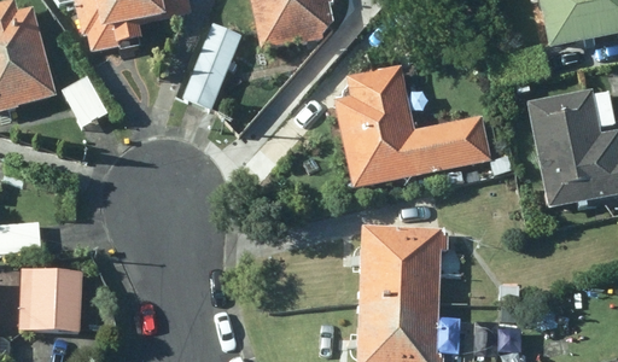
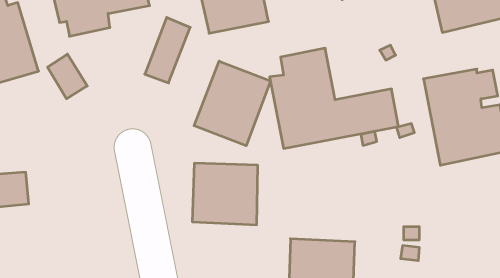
building: none -> [194,61,270,146]
building: [361,226,441,300] -> [192,163,258,225]
building: [33,269,81,331] -> none

